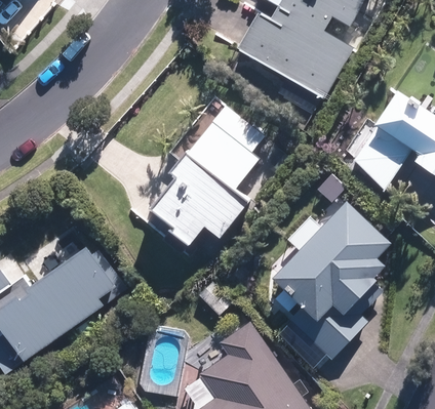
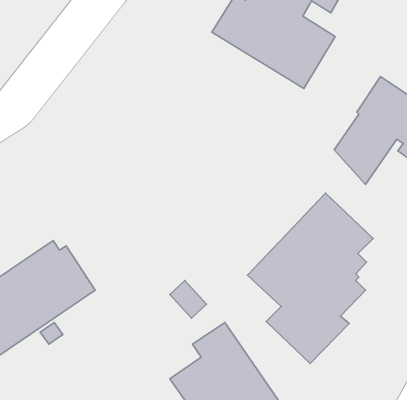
building: [149,120,258,245] -> none

